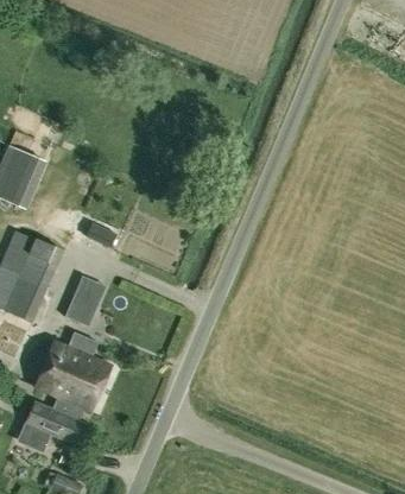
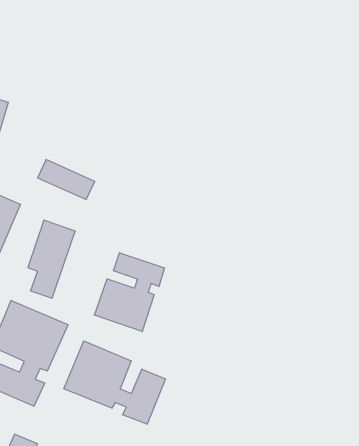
building: none -> [95,253,164,332]
building: none -> [64,341,166,424]

